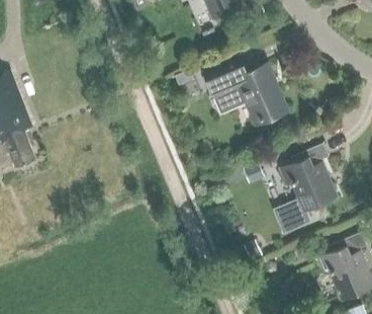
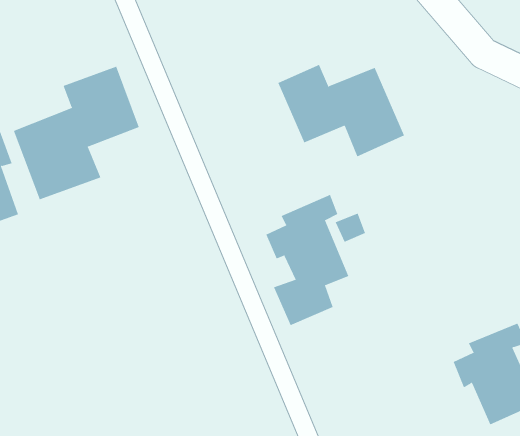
building: none -> [13,66,139,200]
building: [281,143,336,229] -> [265,194,349,326]

